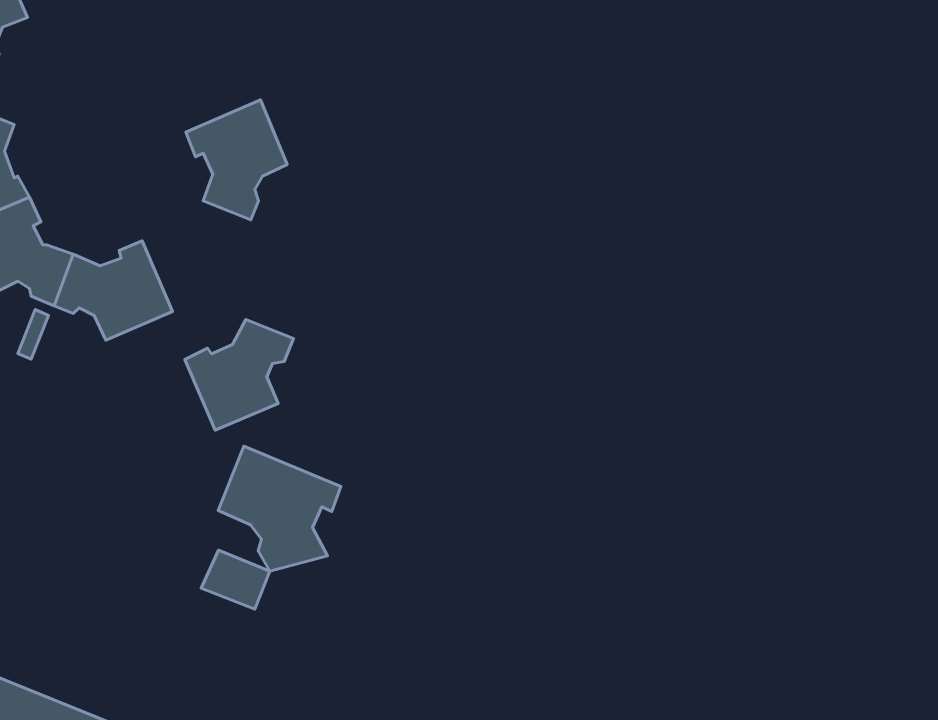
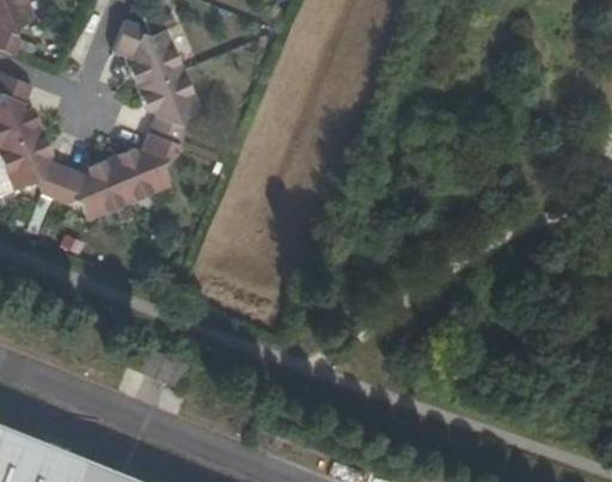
building: none -> [114,22,184,90]
building: [185,320,294,430] -> [110,133,178,202]
building: [218,446,341,571] -> none

